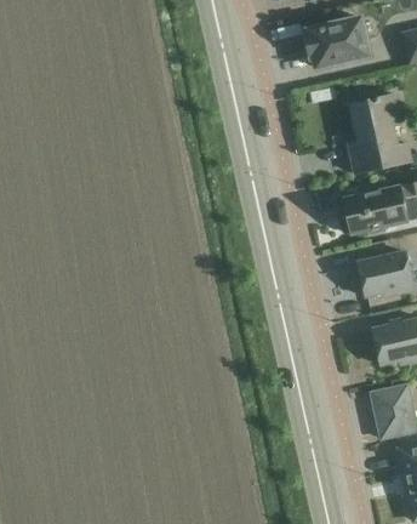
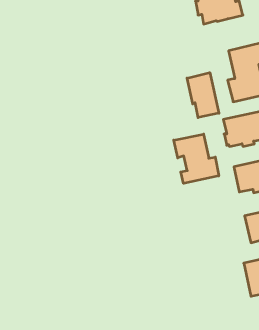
building: none -> [187,73,219,118]
building: none -> [174,134,219,183]

